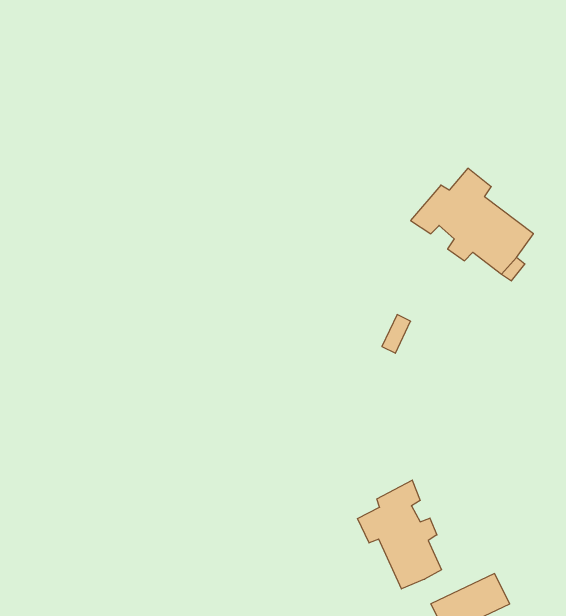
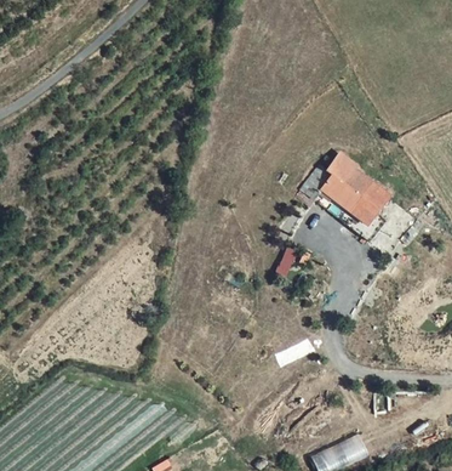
building: [358,480,442,589] -> none

